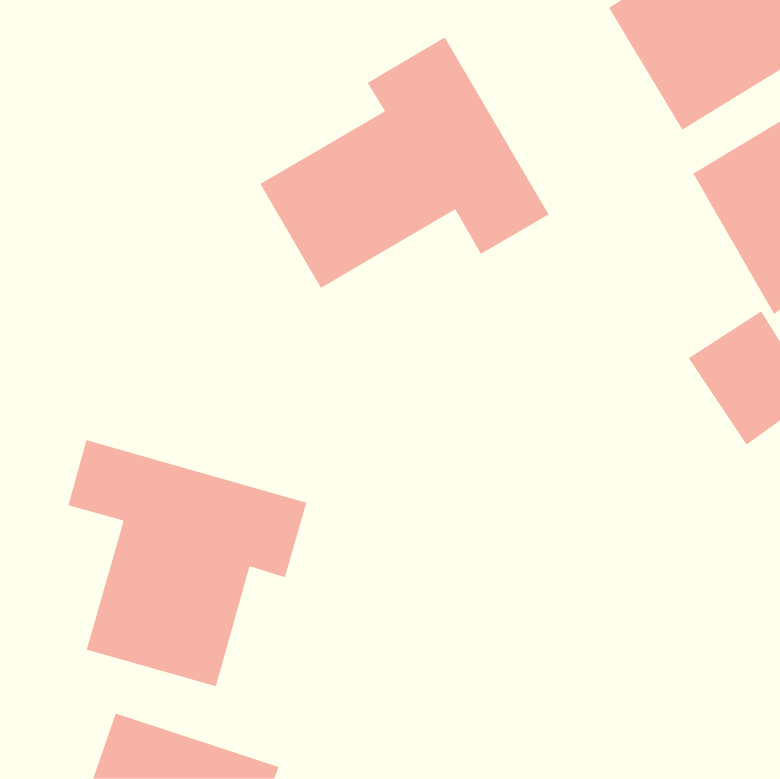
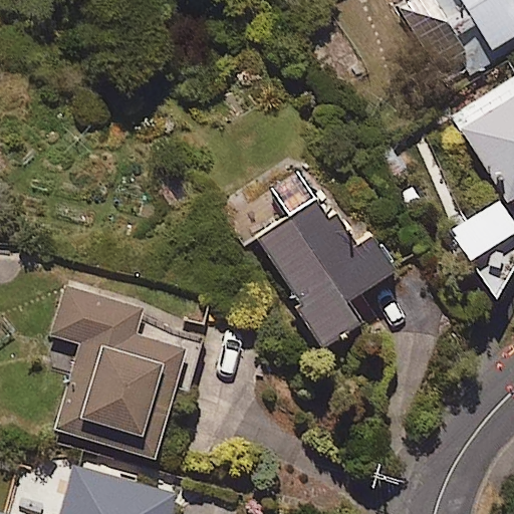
building: [260,36,550,289] -> none
building: none -> [234,165,399,354]

